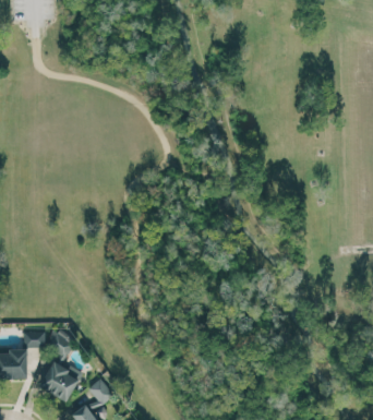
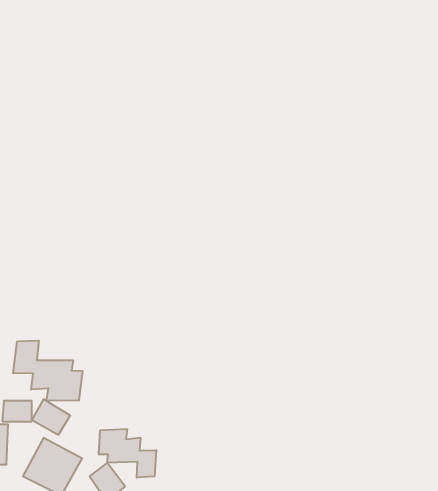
building: none -> [13,341,83,401]
building: none -> [99,429,156,478]

